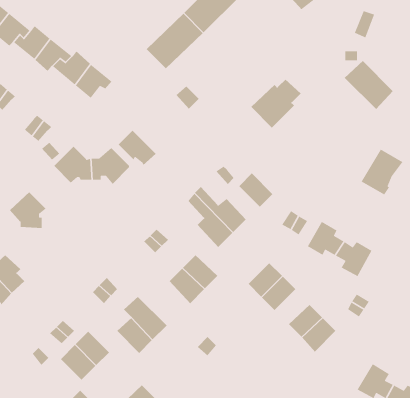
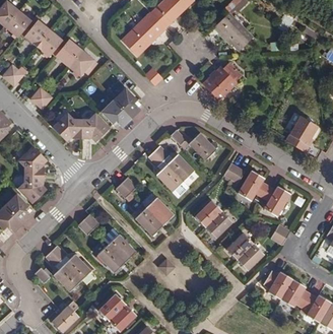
building: [344,60,394,110] -> [213,11,251,49]
building: none -> [111,89,139,119]
building: none -> [16,175,45,203]
building: none -> [264,270,292,297]

